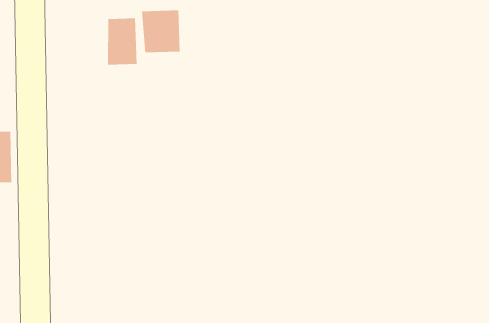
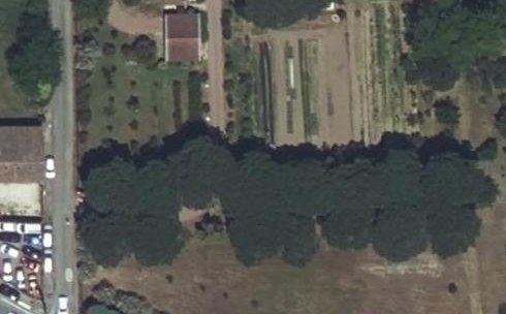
building: [107,18,137,65] -> none

